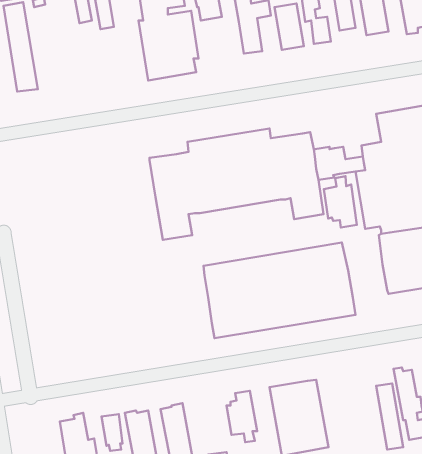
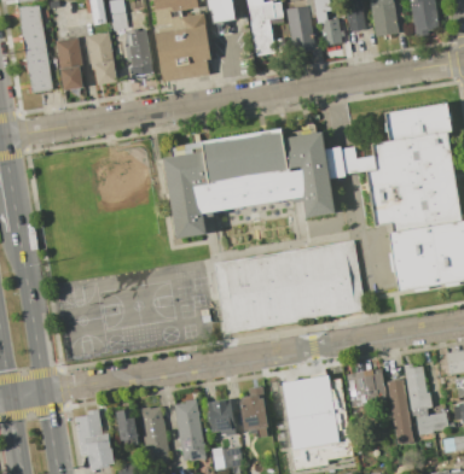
building: none -> [128,29,153,76]
building: none -> [86,31,117,84]
building: none -> [56,36,83,90]
building: [324,176,357,227] -> none
building: none -> [347,368,387,405]
building: none -> [207,398,242,435]

